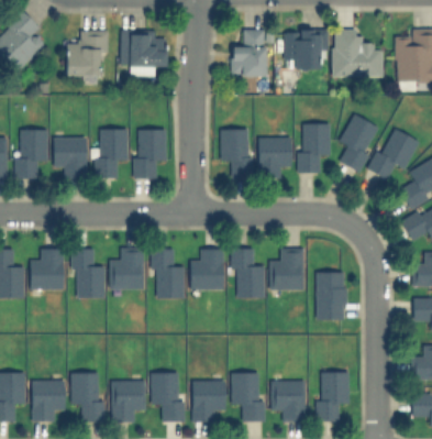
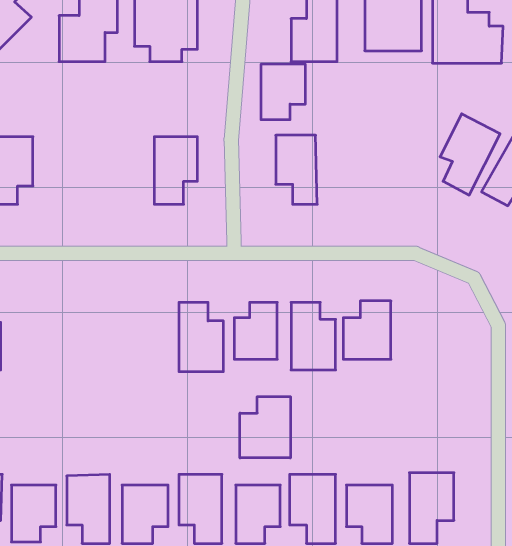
building: [300,124,331,174] -> none
building: [97,130,129,179] -> none
building: [55,138,87,179] -> none
building: [259,139,291,178] -> [261,64,305,120]
building: [111,248,145,290] -> none
building: [31,250,64,290] -> none
building: [73,250,106,298] -> none
building: [317,273,346,320] -> none
building: none -> [240,397,290,458]

